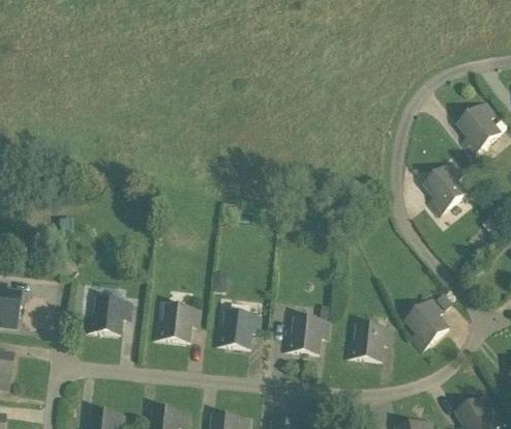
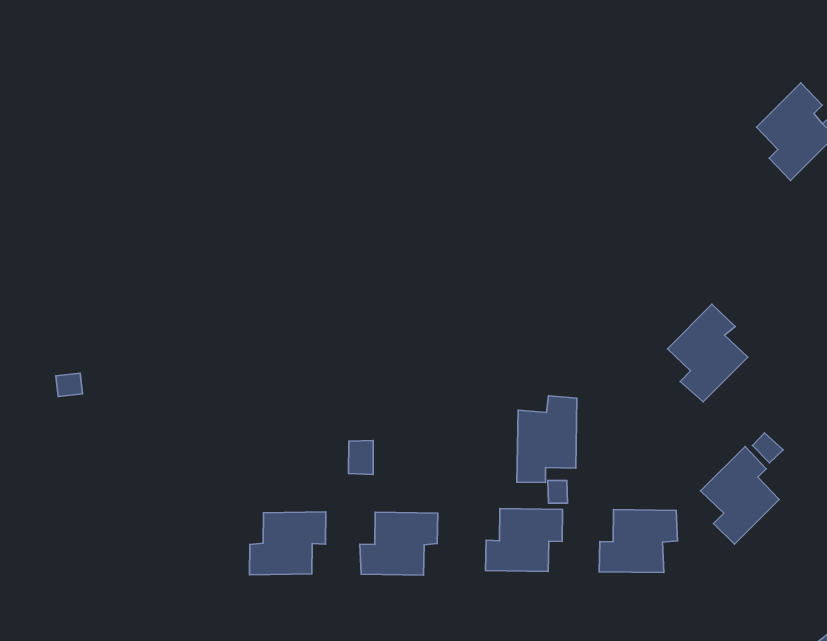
building: [423,160,467,212] -> [667,304,748,402]
building: none -> [517,396,577,482]
building: [86,296,131,333] -> none

